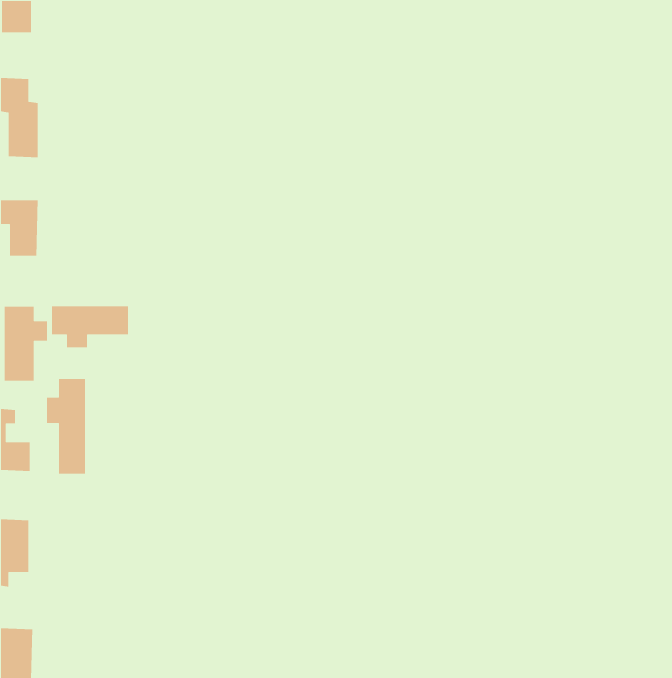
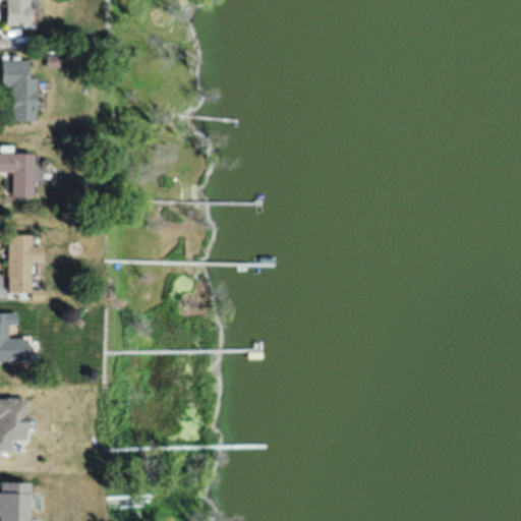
building: [51,305,129,348] -> none
building: [46,378,86,475] -> none

